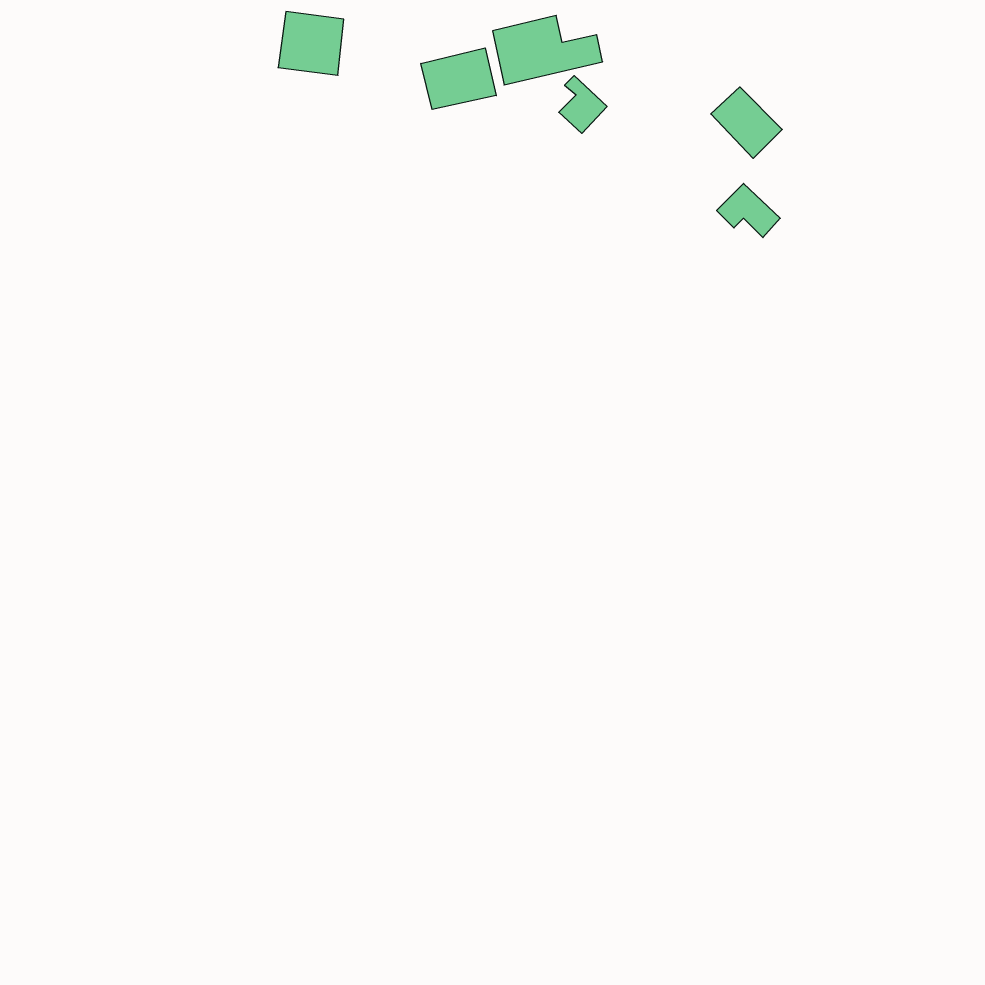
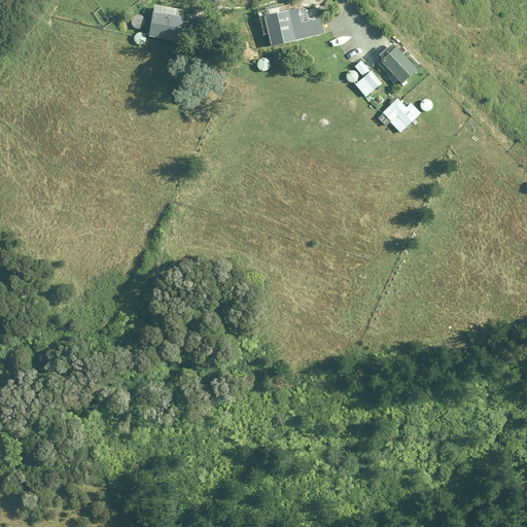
building: [421,48,496,109] -> none
building: [559,76,607,133] -> [355,65,381,96]

